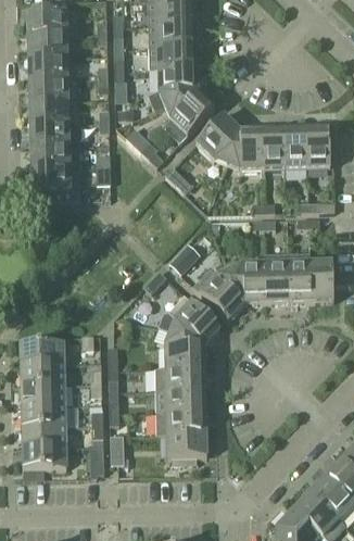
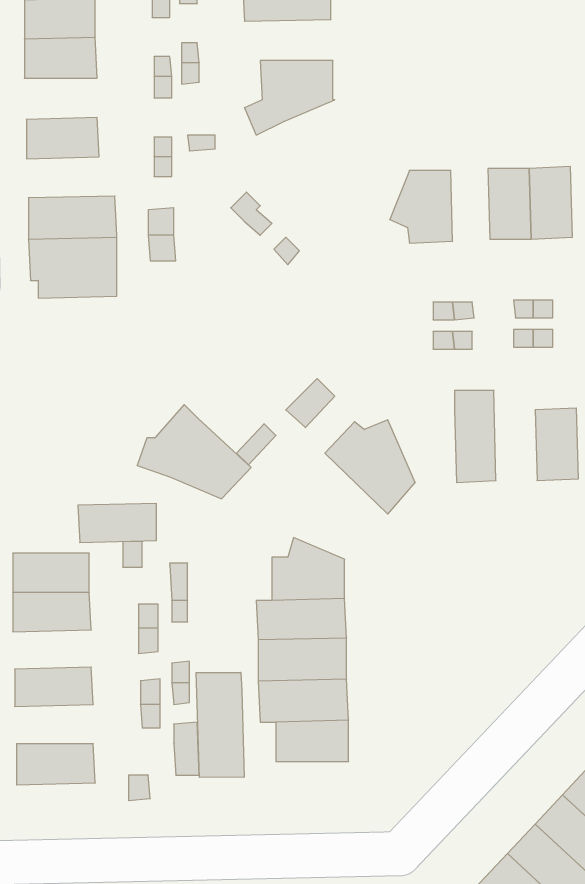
building: [149,45,198,67] -> none
building: [27,76,76,100] -> none
building: [165,89,215,141] -> none
building: [195,113,240,158] -> none
building: [28,121,77,143] -> none
building: [263,127,285,167] -> none
building: [287,250,311,300] -> none
building: [228,261,266,301] -> none
building: [157,291,220,343] -> [137,405,251,499]
building: [21,382,64,404] -> [78,503,156,543]
building: none -> [196,672,244,777]
building: [22,424,65,445] -> none

